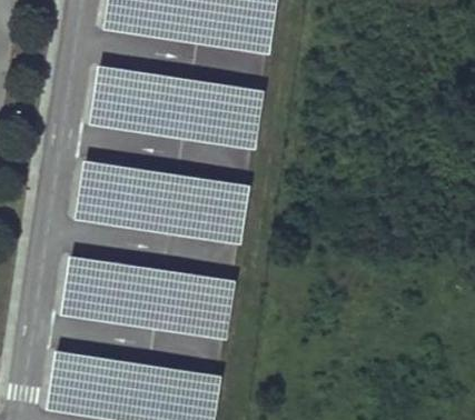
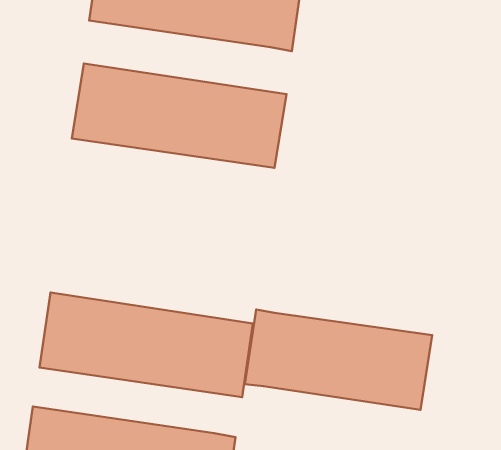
building: [73,159,250,246] -> none
building: none -> [245,310,432,410]

